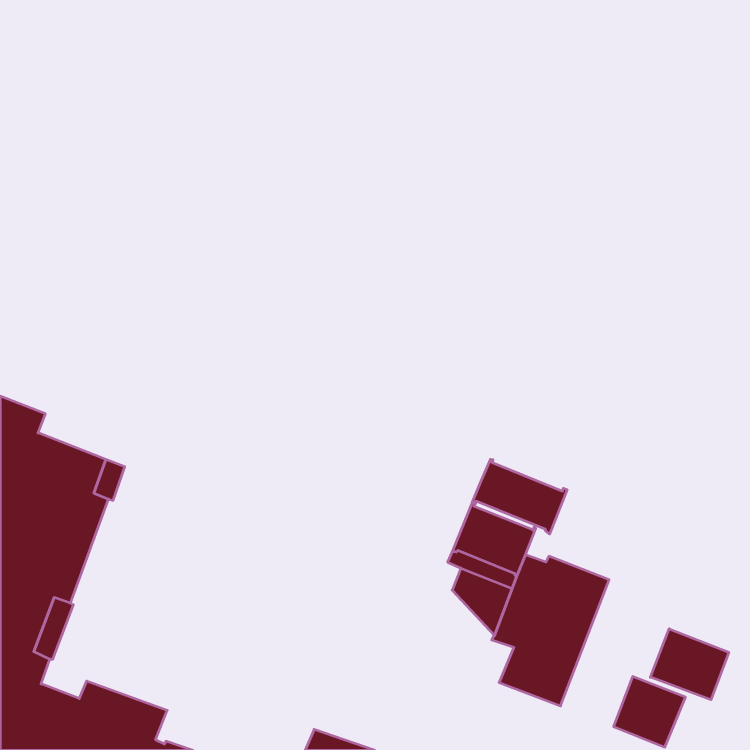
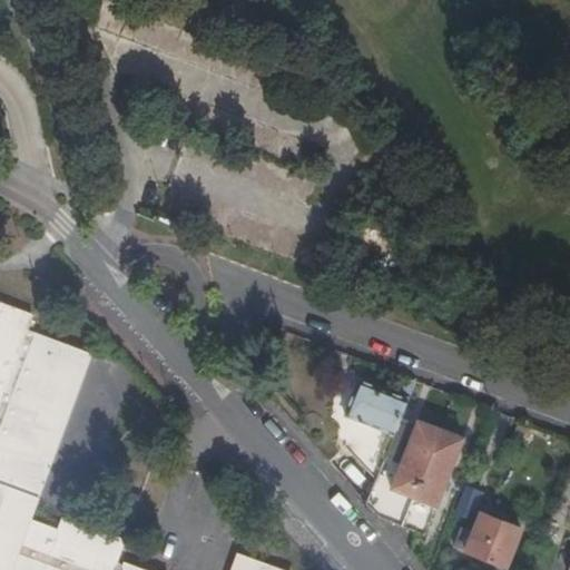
building: [473,459,567,534] -> none
building: [650,629,729,700] -> none

